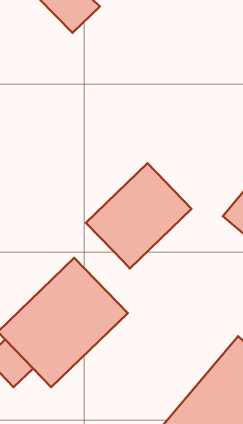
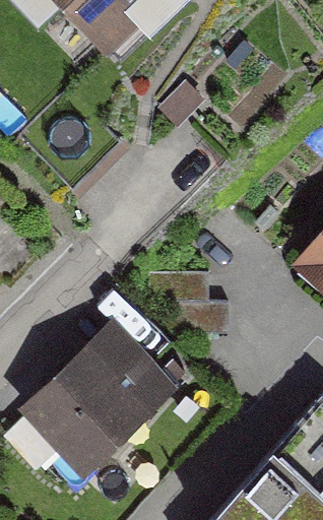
building: [86,163,192,268] -> none

